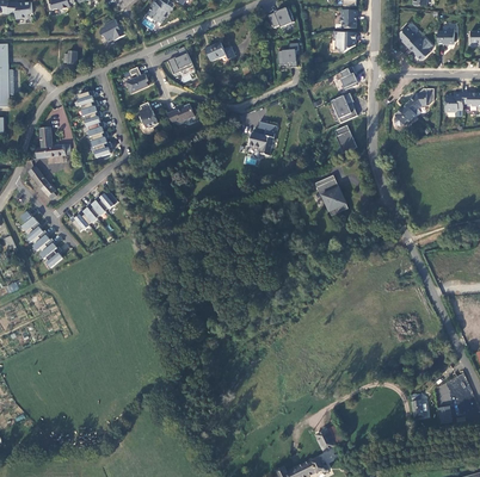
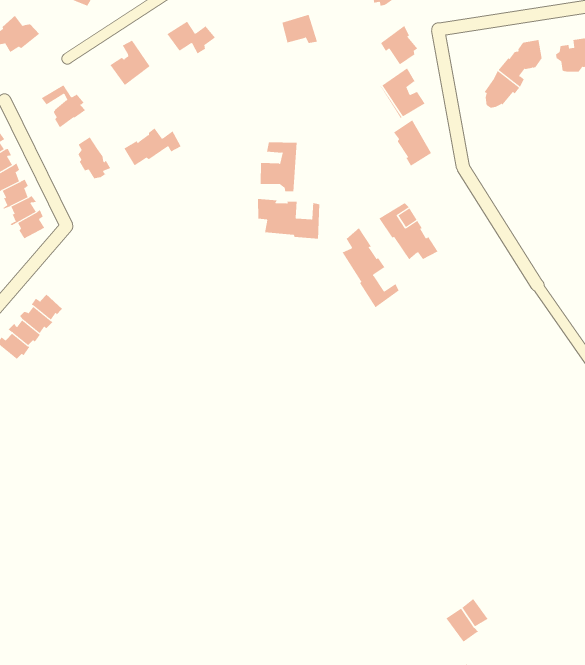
building: none -> [257,198,320,240]
building: none -> [342,227,399,308]

